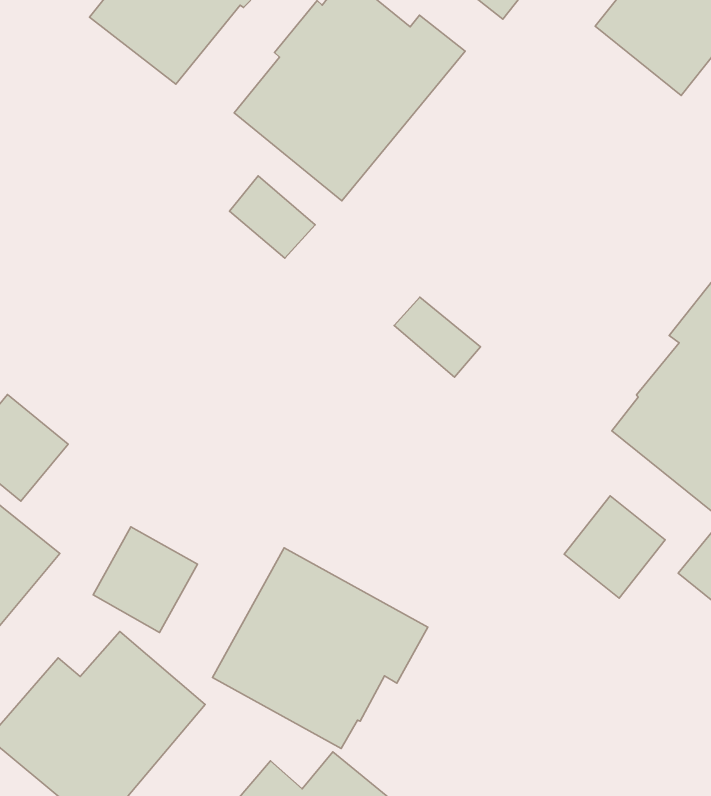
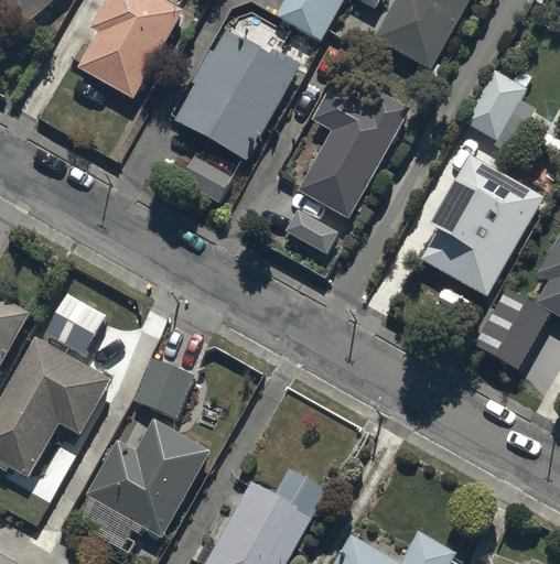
building: none -> [294,75,406,212]
building: [564,496,665,598] -> none
building: [212,548,428,749] -> none

